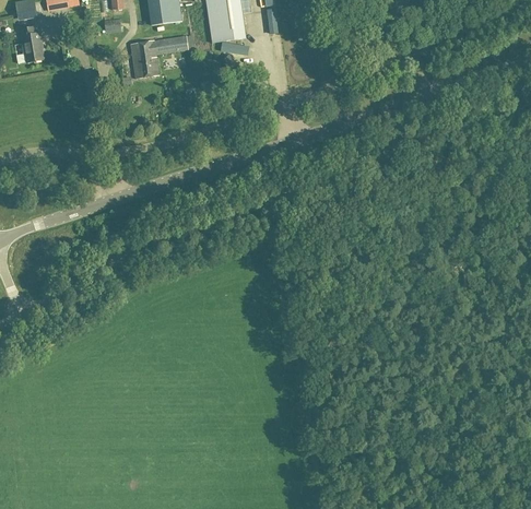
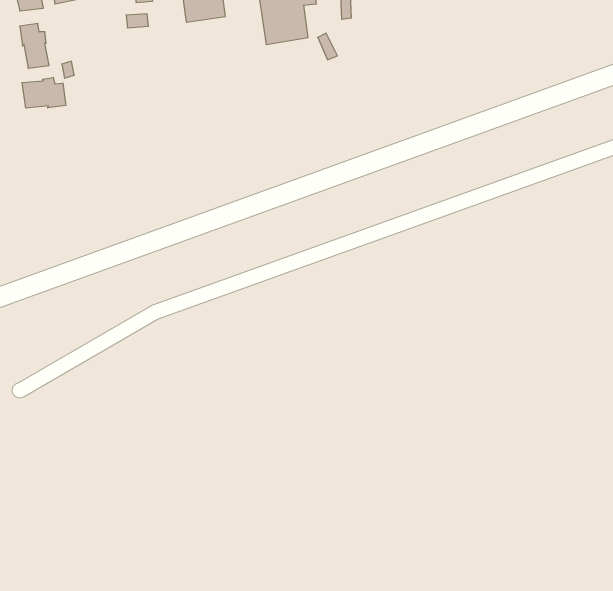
building: [130,35,188,79] -> none
building: none -> [22,77,66,108]

